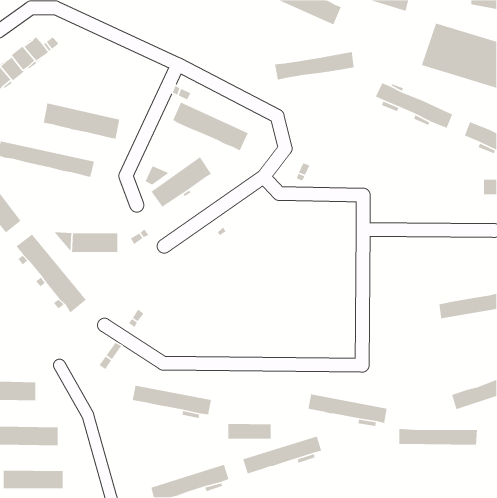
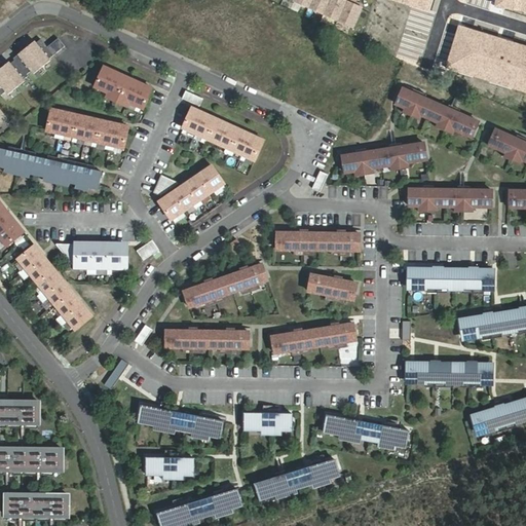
building: [274,51,354,80] -> [341,141,425,172]
building: none -> [90,70,148,112]
building: none -> [408,187,491,205]
building: none -> [276,231,359,250]
building: none -> [183,263,267,306]
building: none -> [409,269,492,287]
building: none -> [307,273,356,299]
building: none -> [271,323,355,352]
building: none -> [165,330,249,348]
building: [228,423,272,440] -> [245,412,291,429]
building: [399,428,478,446] -> [408,363,491,381]
building: none -> [147,457,193,475]

